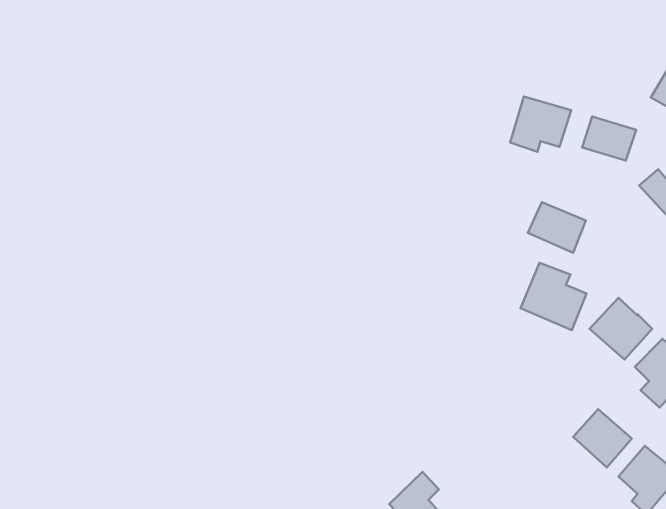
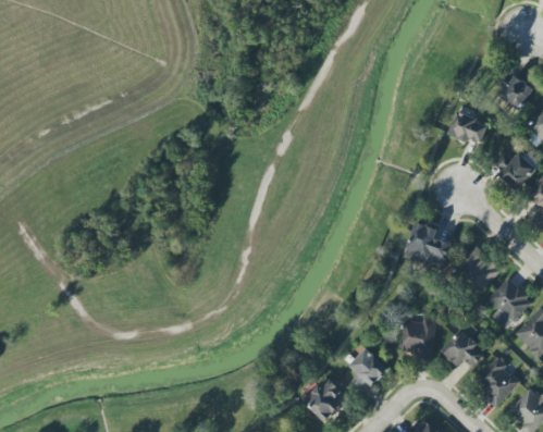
building: [510,96,571,152] -> none
building: [528,202,586,253] -> none
building: none -> [399,316,439,356]
building: none -> [350,347,388,391]

